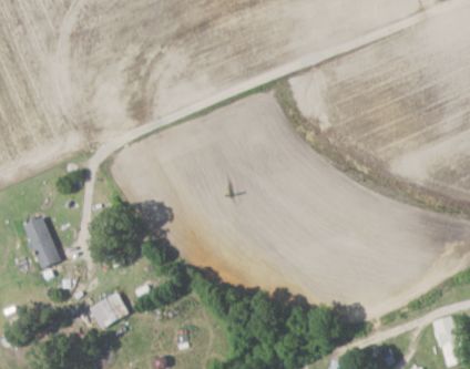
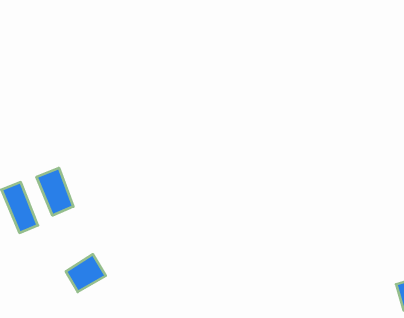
building: none -> [37,168,73,215]

